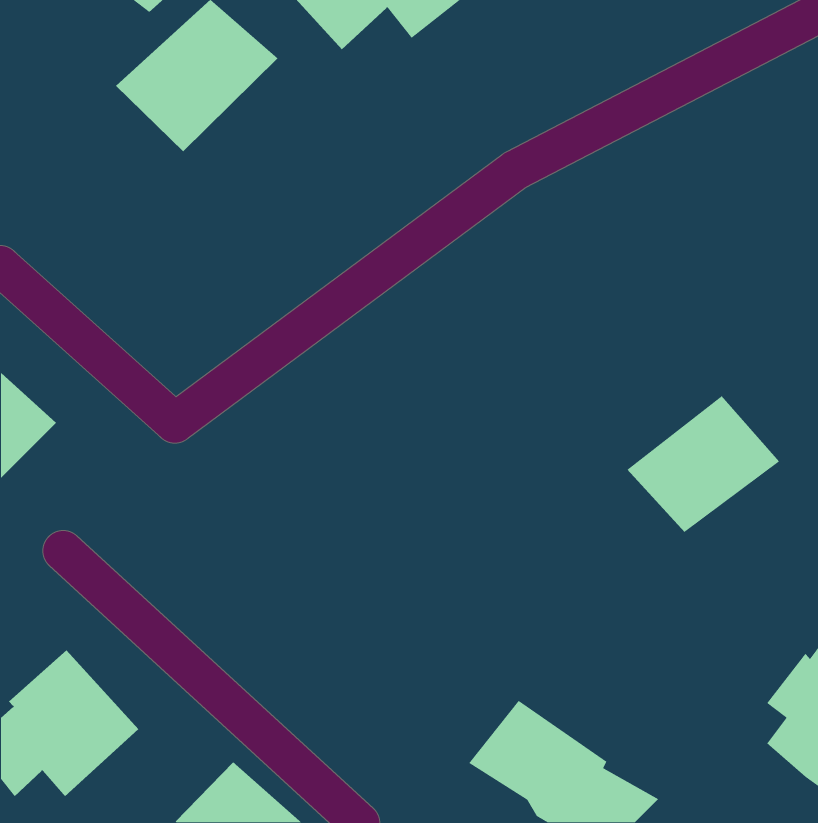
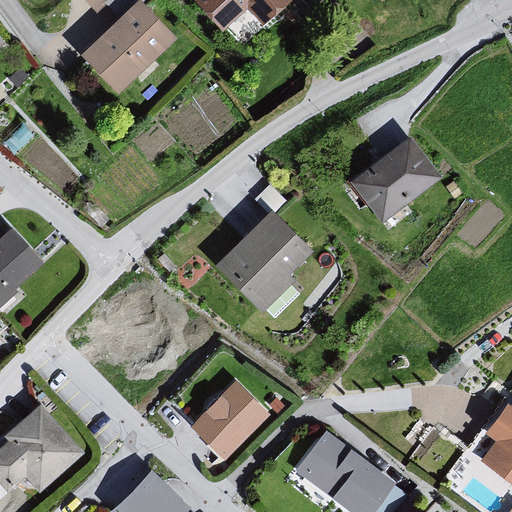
building: none -> [212,211,314,312]
building: [626,395,780,533] -> [347,136,442,221]
building: none -> [186,382,270,460]

